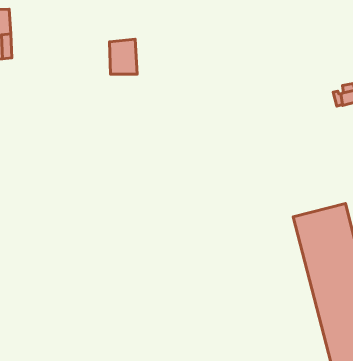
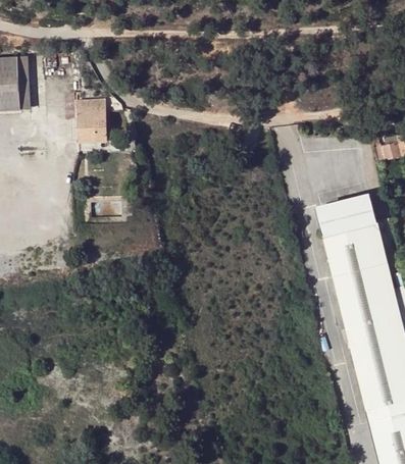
building: [110,39,137,74] -> [78,103,107,141]
building: none -> [320,197,388,277]

